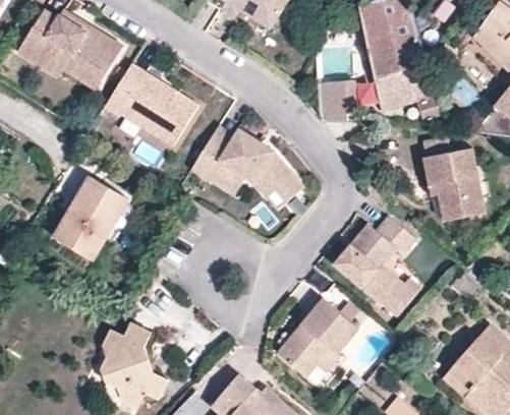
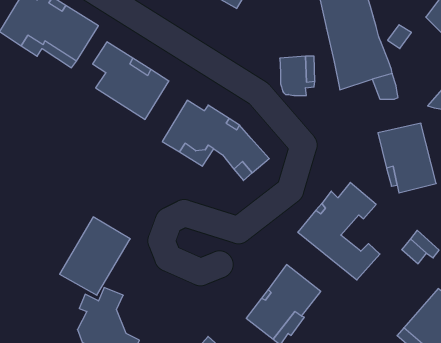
building: [53,176,128,259] -> [60,217,130,295]

